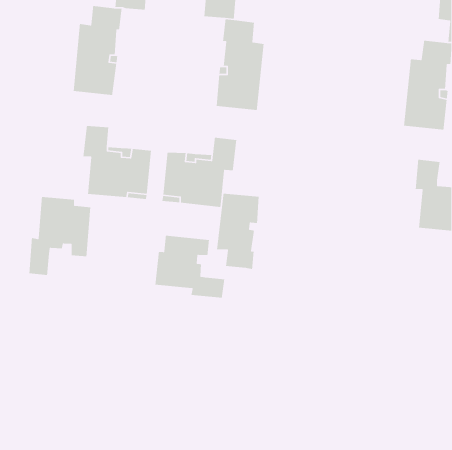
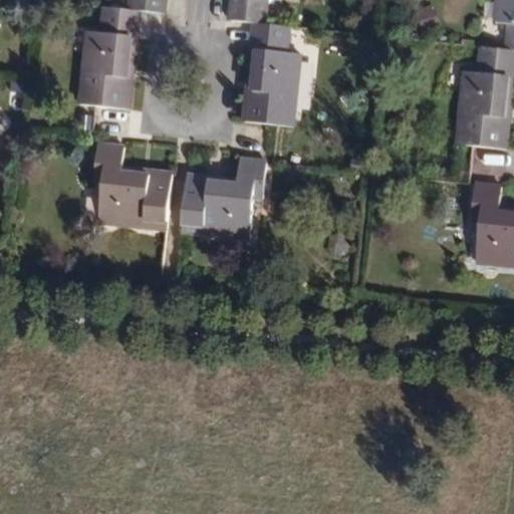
building: [216,193,260,270] -> none
building: [28,196,91,276] -> none
building: [154,235,225,298] -> none

